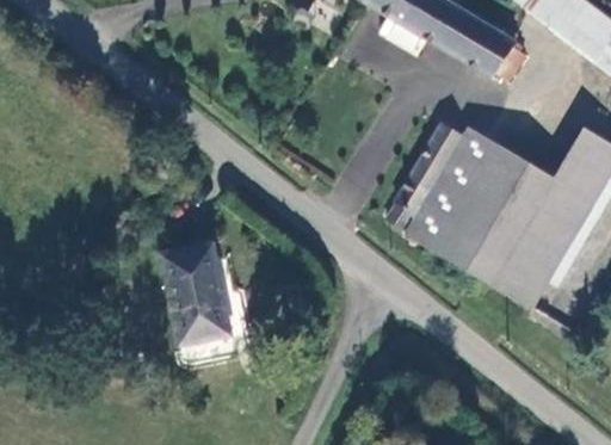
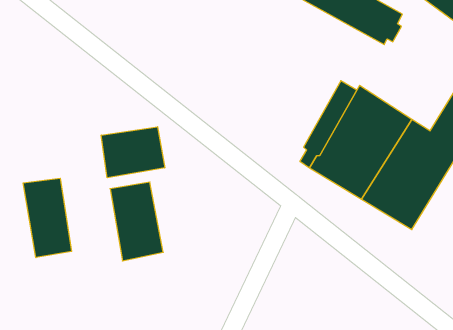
building: none -> [101,127,165,178]
building: none -> [23,178,72,258]

